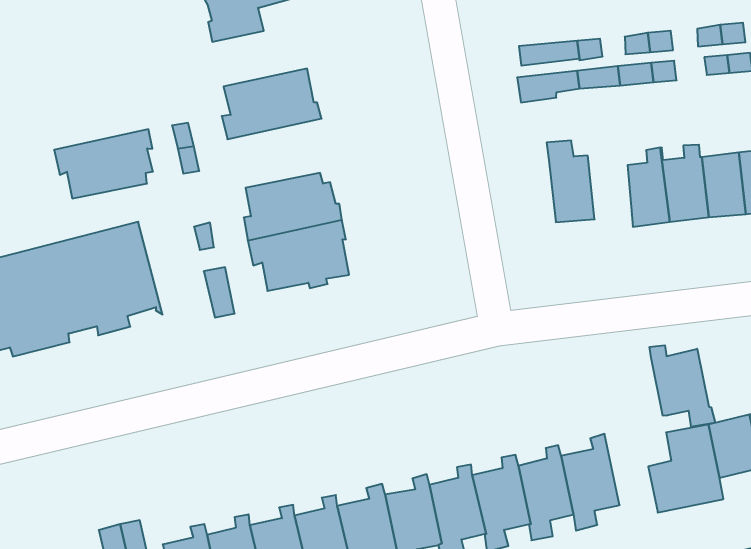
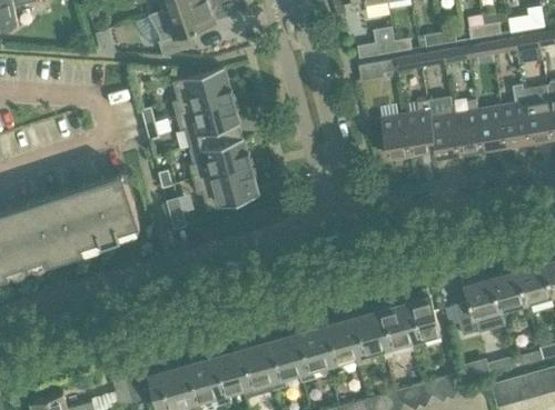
building: [54,129,153,198] -> [176,100,239,147]
building: none -> [405,101,435,153]
building: [650,345,715,427] -> none

